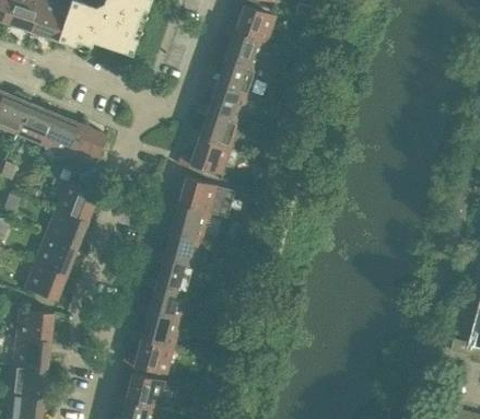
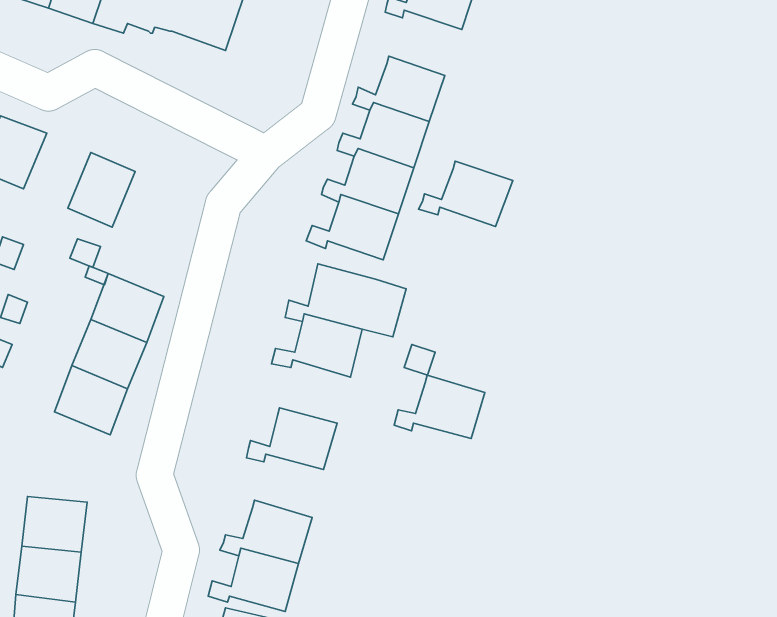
building: [213,32,267,69] -> [419,161,513,227]
building: [17,102,56,144] -> none
building: [68,124,107,165] -> none
building: [152,231,203,267] -> [394,375,485,439]
building: [25,260,67,300] -> none
building: [137,284,188,321] -> none

